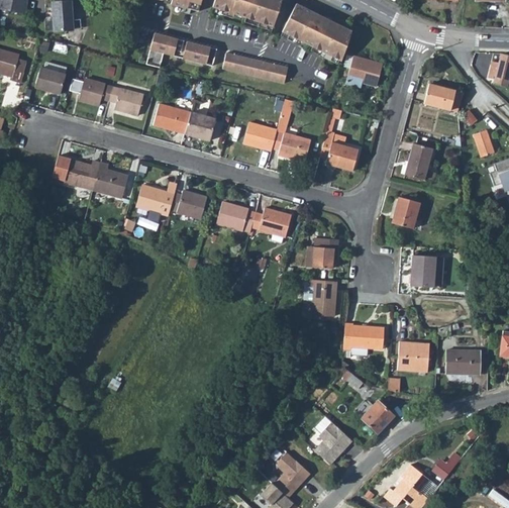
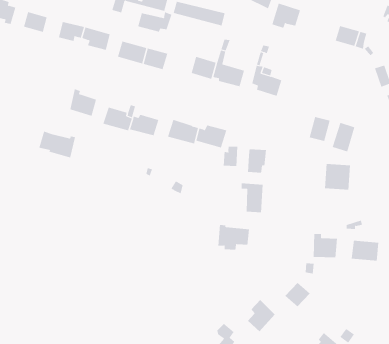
building: none -> [138,12,172,33]
building: [404,141,433,179] -> [332,122,355,152]
building: [53,153,99,187] -> [39,131,76,158]
building: none -> [223,146,238,167]
building: [343,324,384,357] -> [217,224,250,250]

